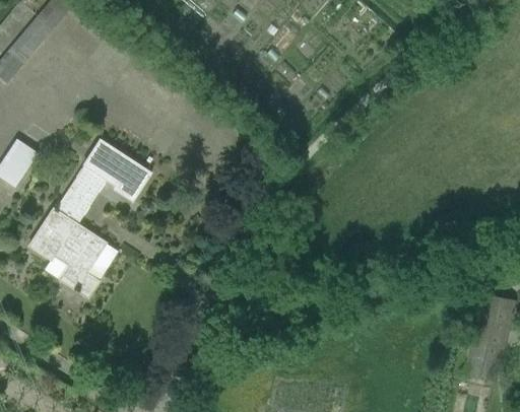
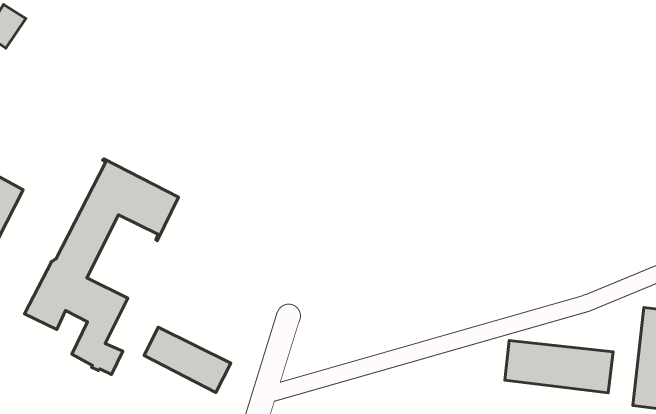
building: none -> [144,327,231,392]
building: none -> [505,340,613,393]

